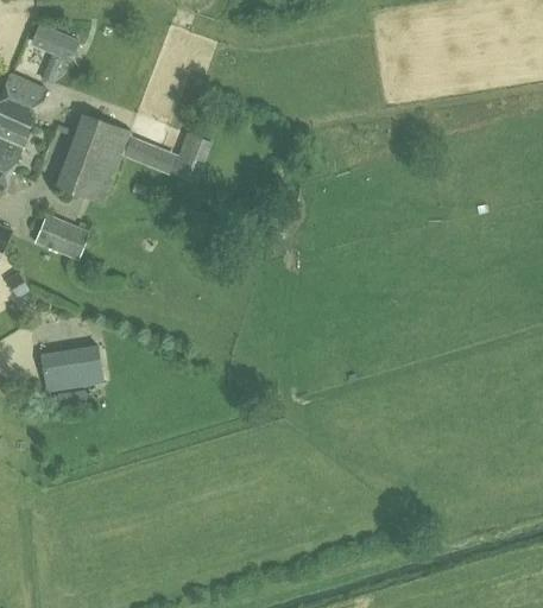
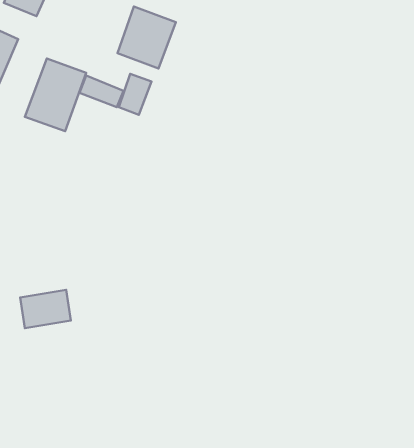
building: none -> [117,6,176,68]
building: [34,216,88,261] -> none
building: [39,346,102,393] -> [20,290,71,328]

